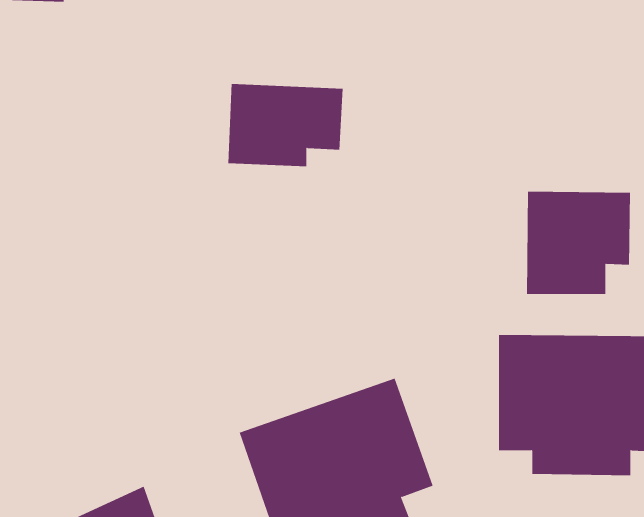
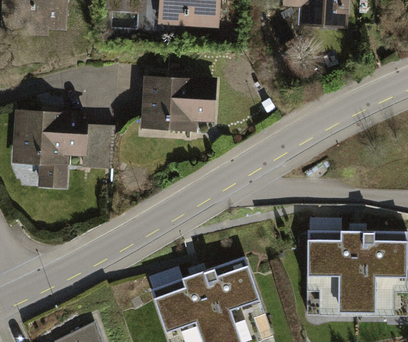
building: none -> [18,115,114,185]
building: [527,191,631,295] -> none

